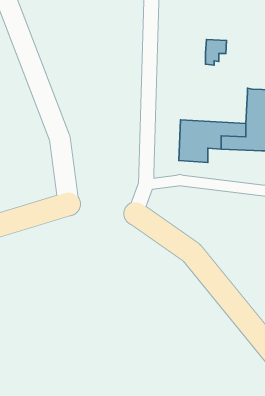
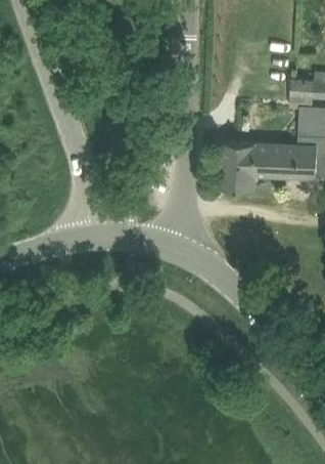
building: [205,39,227,65] -> [289,80,314,110]

